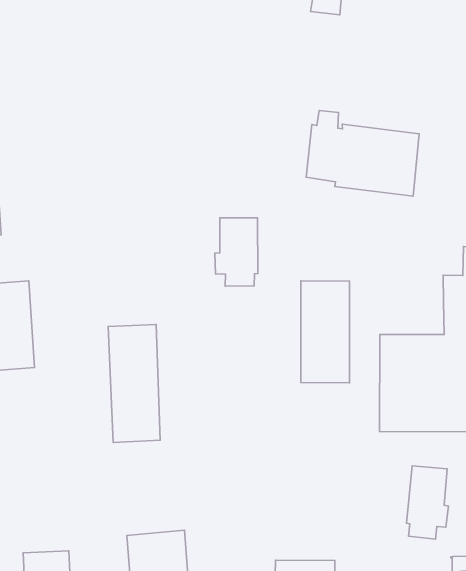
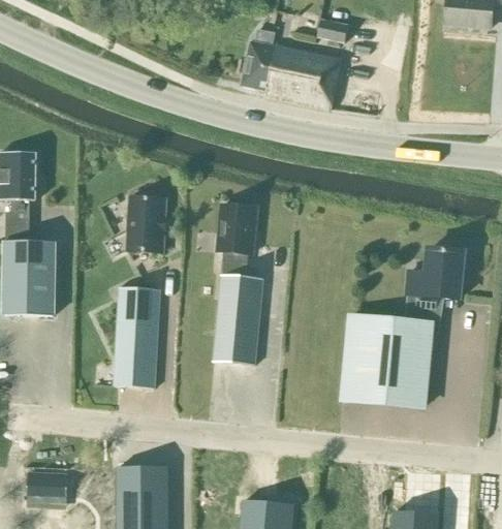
building: [306,111,419,196] -> [241,29,341,110]
building: none -> [127,192,165,252]
building: [301,281,349,383] -> [213,275,262,366]
building: [406,466,448,539] -> none

